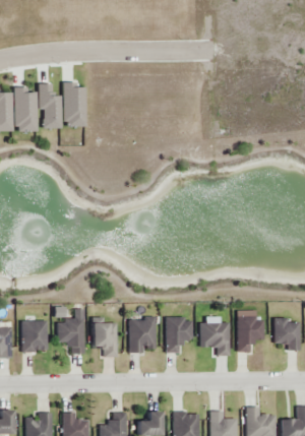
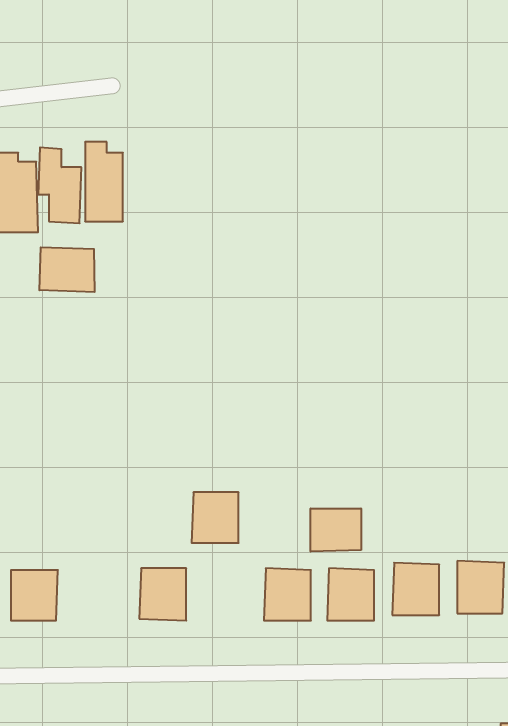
building: none -> [39,247,95,292]
building: none -> [311,508,361,552]
building: [59,320,85,350] -> none
building: [130,320,157,349] -> [192,492,239,543]

